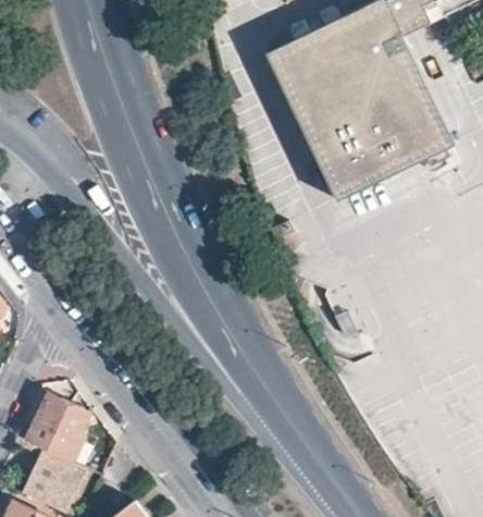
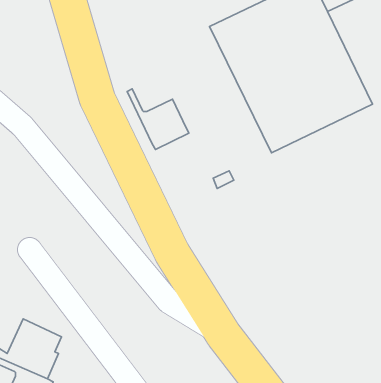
building: none -> [127,89,189,149]

